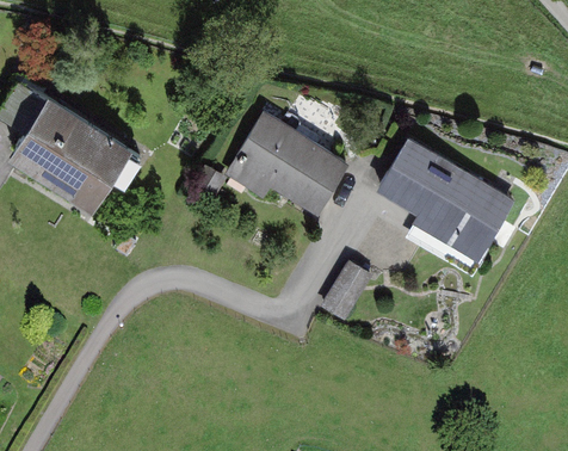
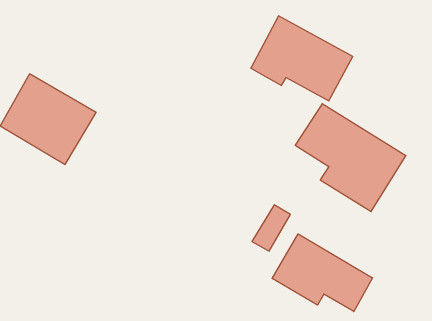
building: [226,110,352,215] -> [251,16,353,101]
building: none -> [272,234,373,312]

